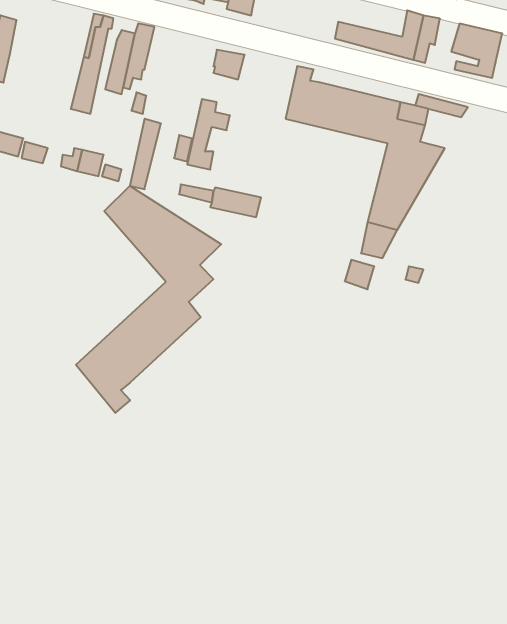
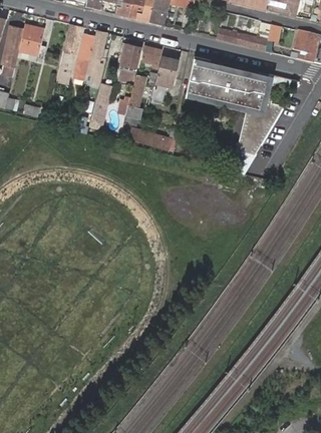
building: none -> [17,23,44,58]
building: none -> [116,43,140,81]
building: none -> [150,56,178,102]
building: [76,186,221,413] -> none

